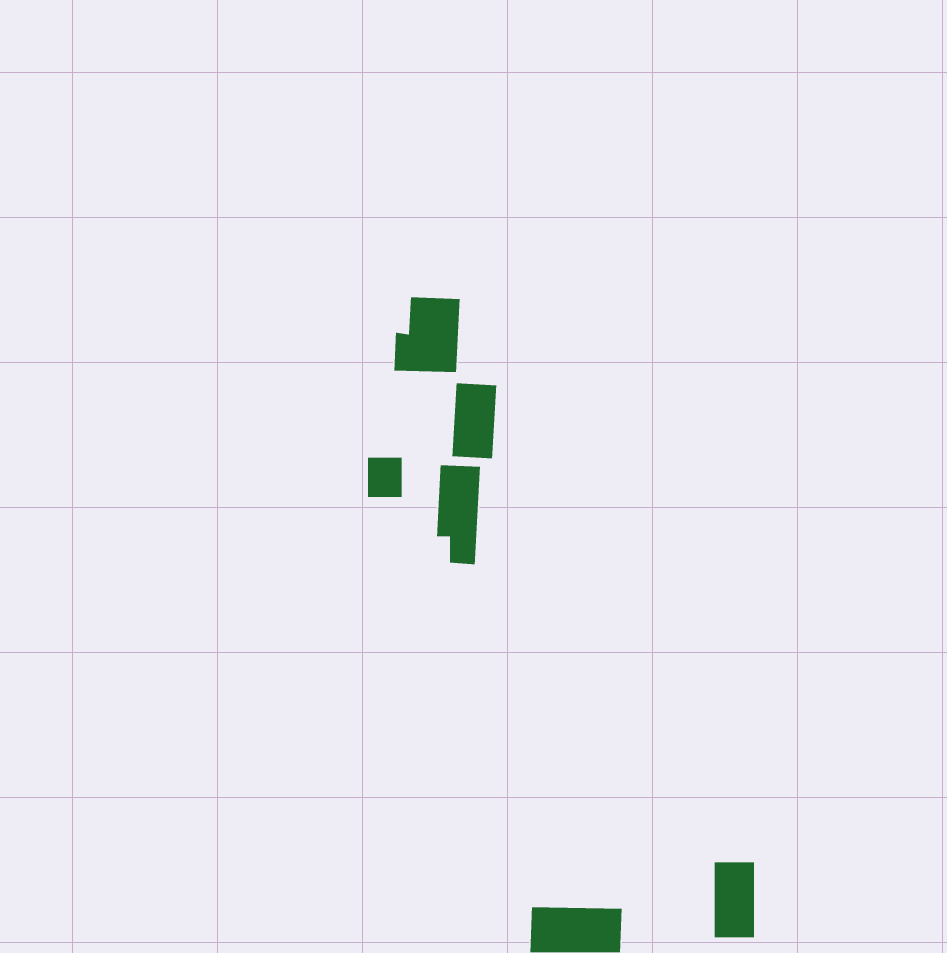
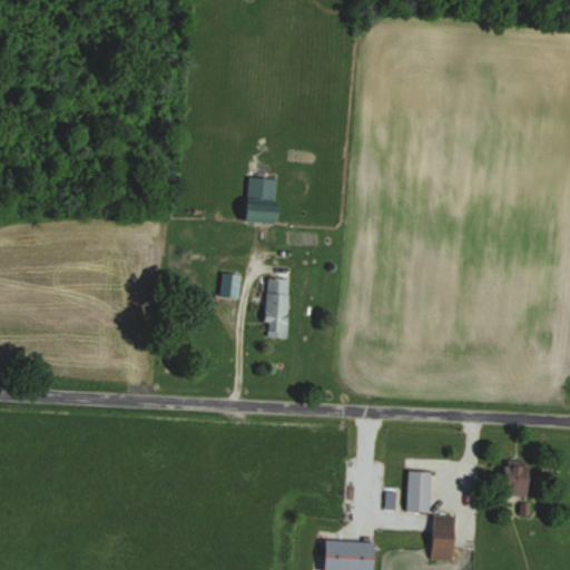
building: [452,383,497,459] -> none
building: none -> [498,466,524,497]
building: none -> [409,471,433,511]

